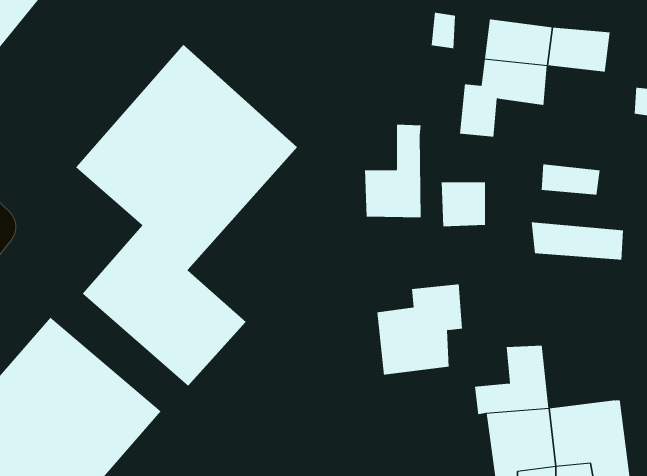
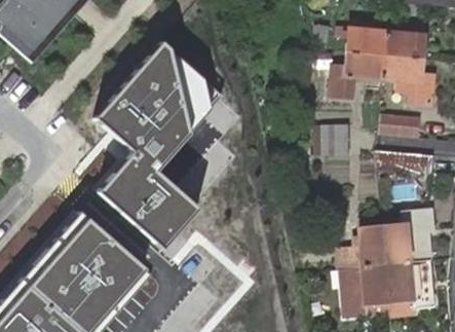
building: none -> [383,53,432,105]
building: [365,124,421,218] -> none
building: [376,284,463,375] -> [382,209,435,265]

